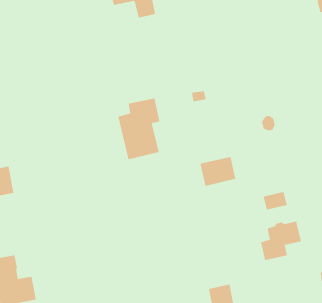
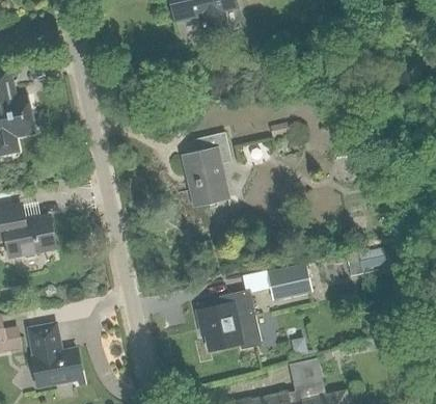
building: [200,157,236,186] -> [268,264,312,300]
building: [261,214,302,261] -> none
building: none -> [196,289,262,351]

